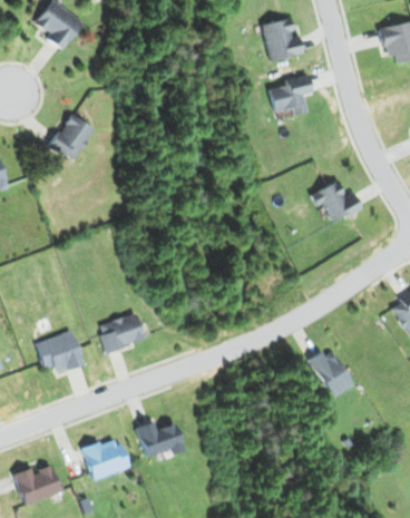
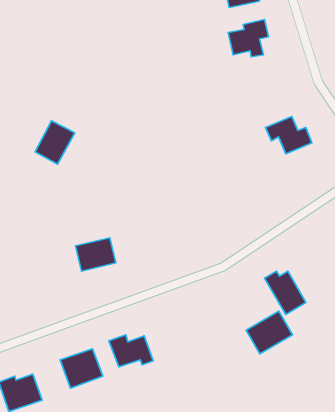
building: [51,114,95,162] -> [35,121,75,164]
building: [37,331,82,374] -> none
building: none -> [246,311,293,354]

